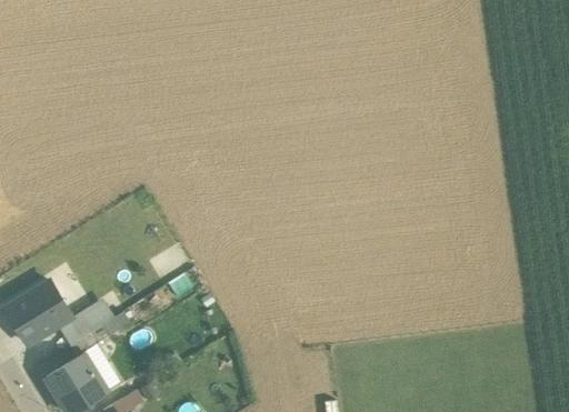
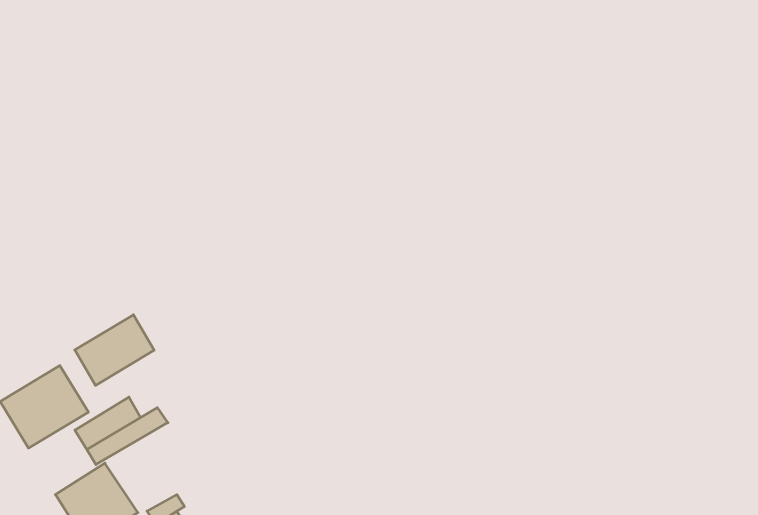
building: none -> [75,315,154,385]

